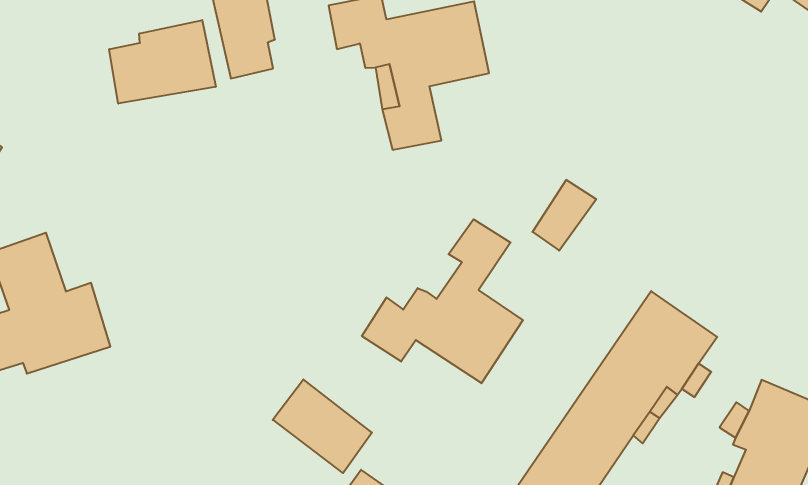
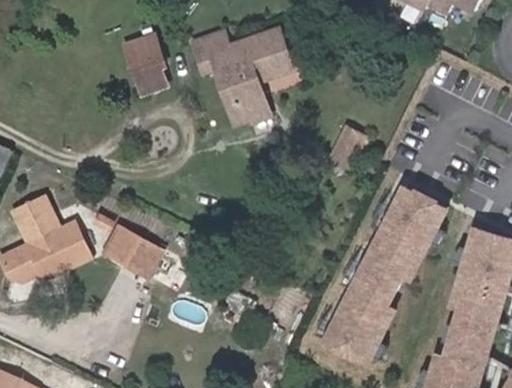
building: [109,20,216,104] -> none
building: [362,219,523,383] -> none
building: [273,379,372,473] -> [103,225,162,277]

